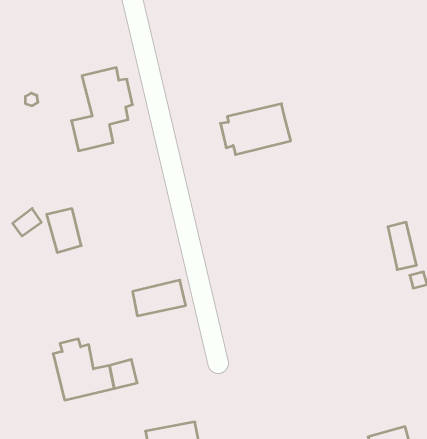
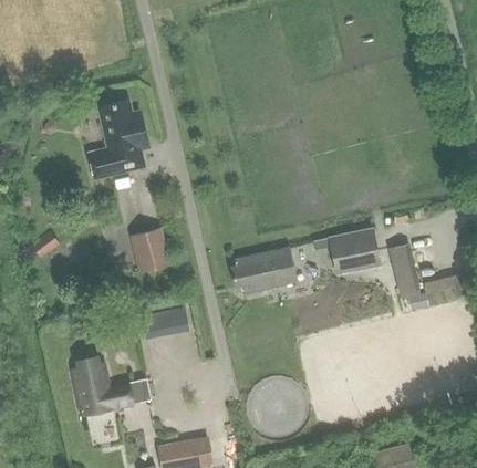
building: [220,104,291,155] -> [230,247,298,295]
building: none -> [328,228,380,270]
building: [47,209,81,252] -> [137,229,170,271]

